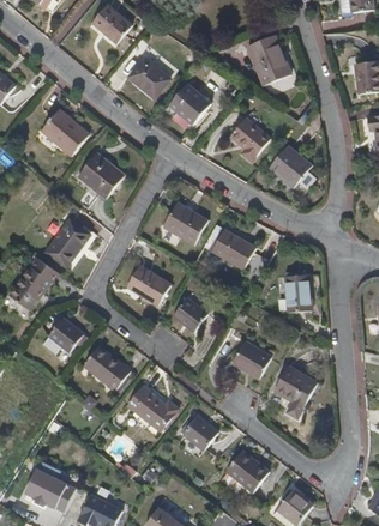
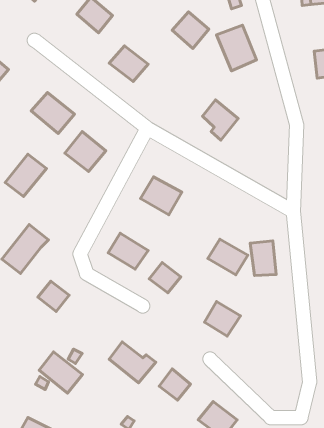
building: [169,84,210,125] -> [172,12,209,49]
building: [269,145,311,187] -> none
building: [44,219,90,266] -> [5,154,46,197]
building: [211,229,255,268] -> [208,239,248,275]
building: [83,345,131,391] -> [39,352,83,393]
building: [275,365,317,417] -> none

